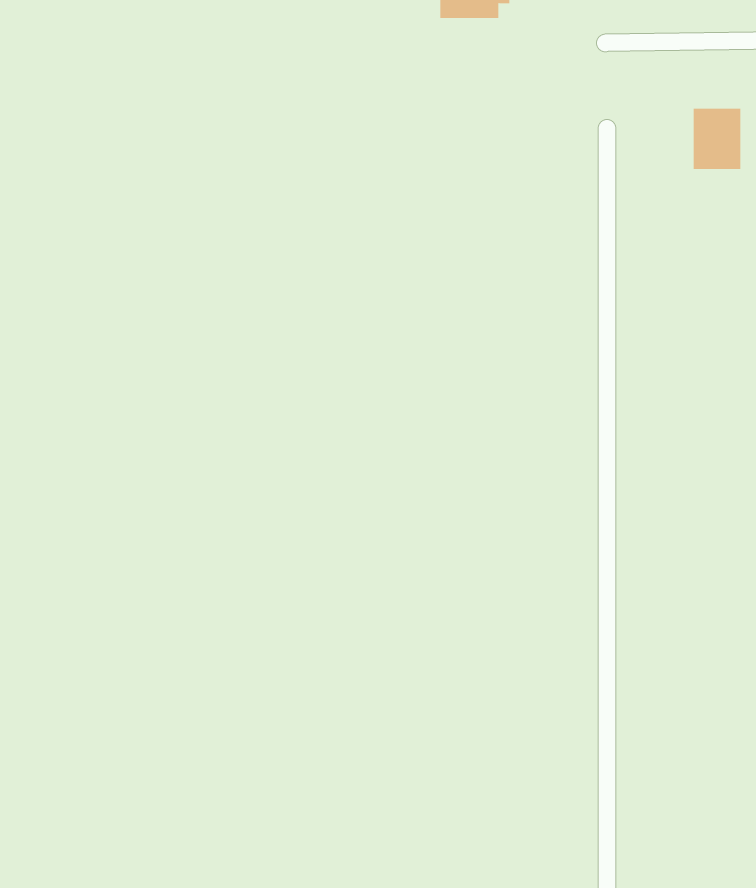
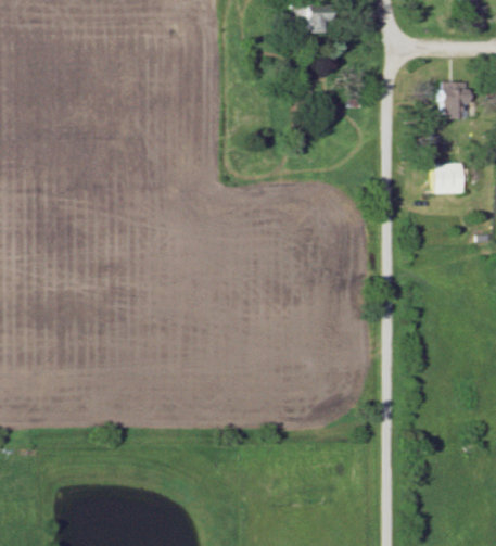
building: none -> [433,166,465,192]

